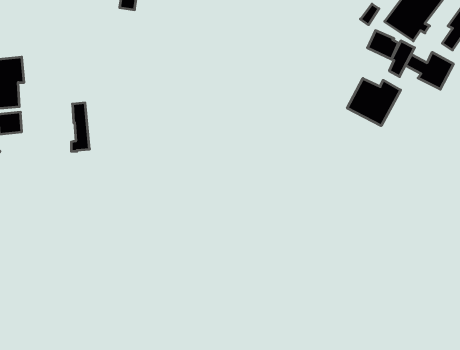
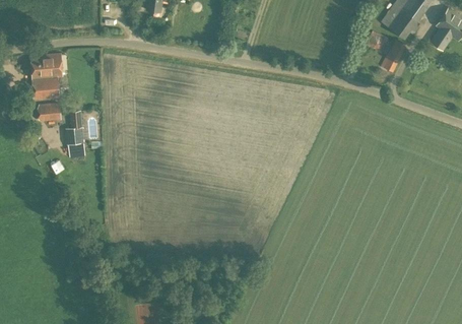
building: [405,52,453,89] -> none
building: [347,78,401,126] -> none
building: [71,103,90,151] -> [68,111,84,153]

